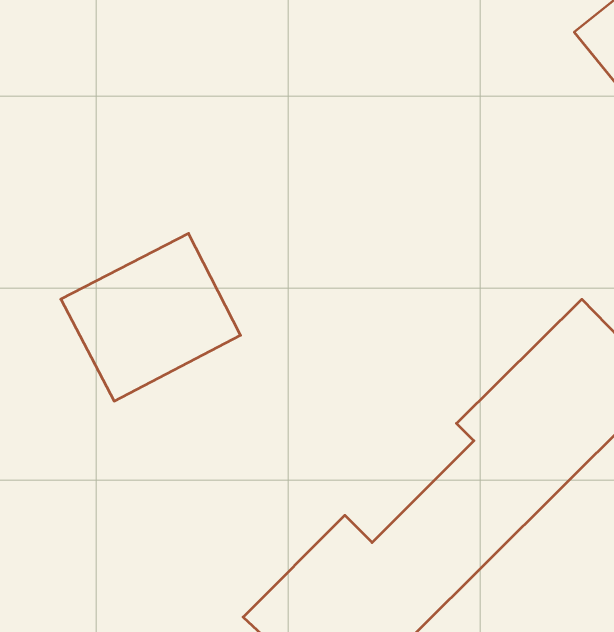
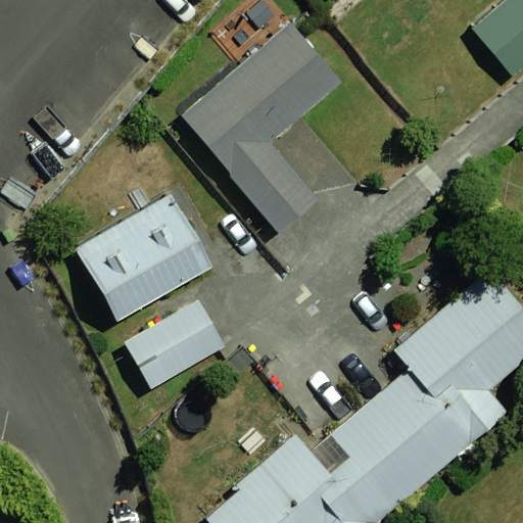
building: none -> [177,18,355,245]
building: none -> [122,302,221,387]

